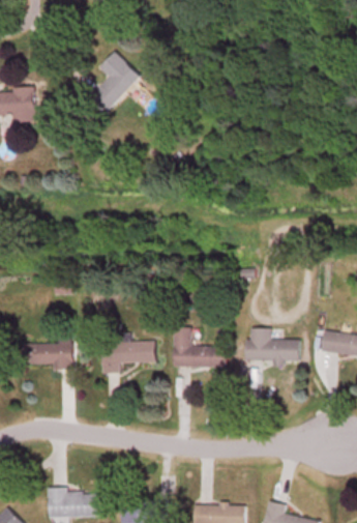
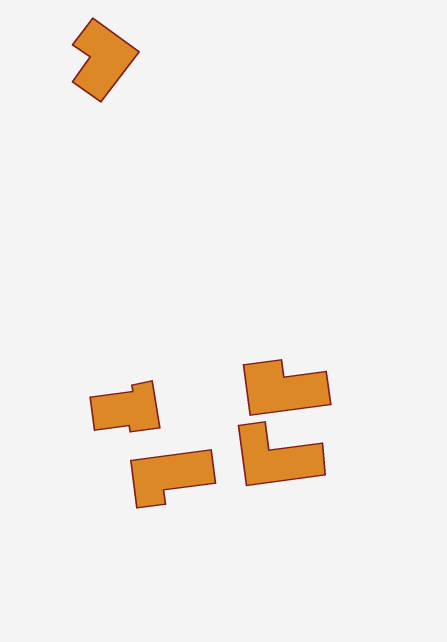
building: [246,328,299,361] -> [244,360,331,415]
building: [30,338,72,369] -> [90,381,160,432]

